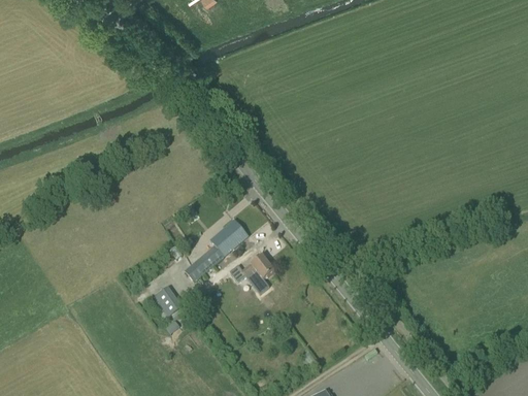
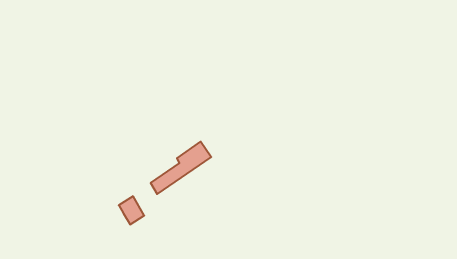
building: [229,256,273,295] -> none

